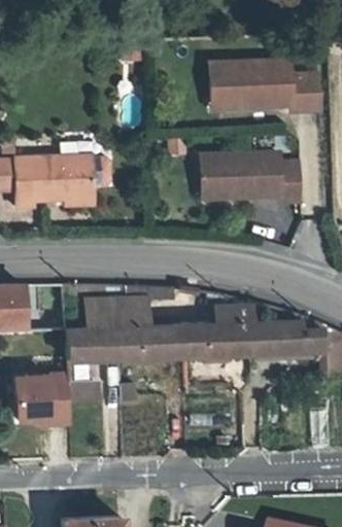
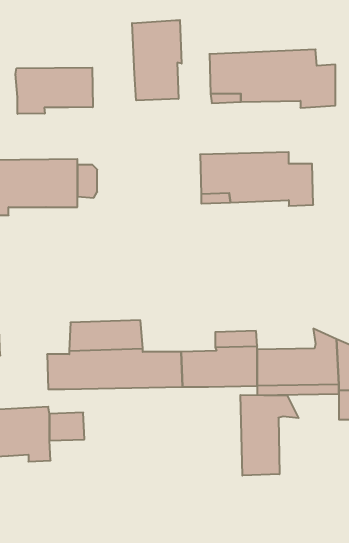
building: none -> [132,20,182,100]
building: none -> [16,68,93,114]
building: none -> [240,395,299,476]

